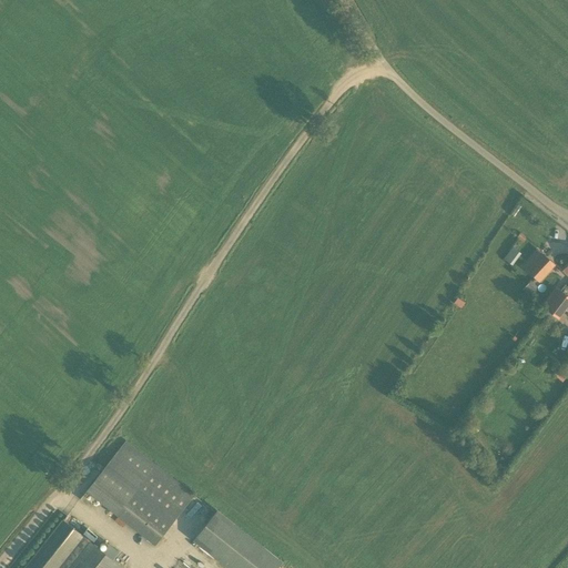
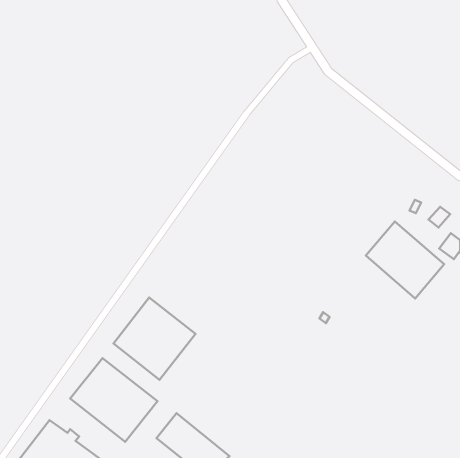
building: none -> [366,222,444,298]
building: none -> [114,298,195,380]

